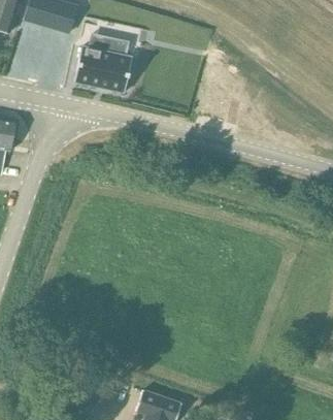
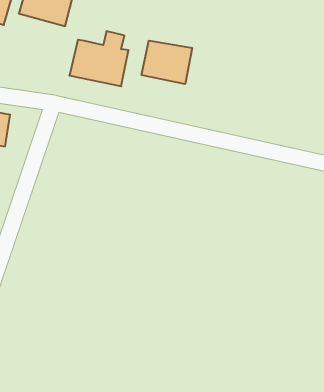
building: none -> [141,41,192,84]

